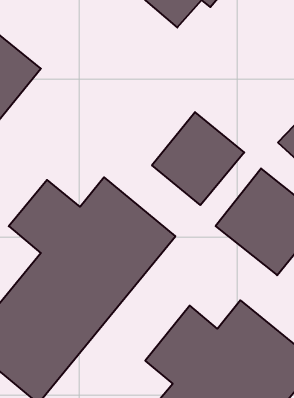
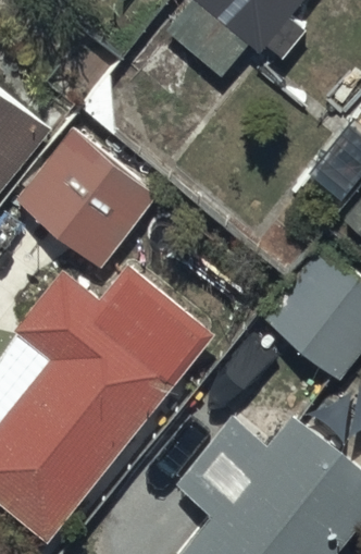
building: none -> [14,131,158,271]
building: [152,112,244,205] -> none

